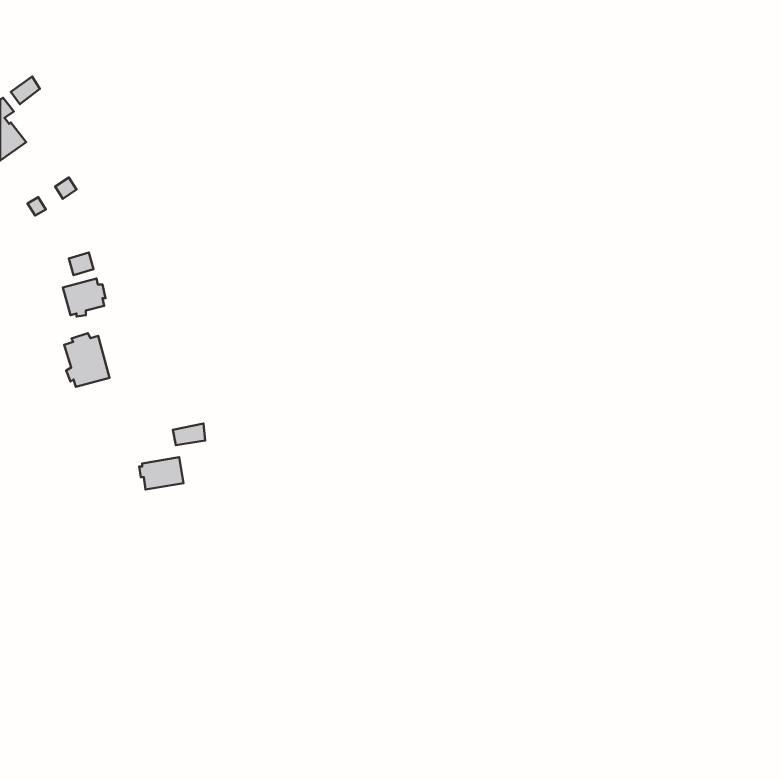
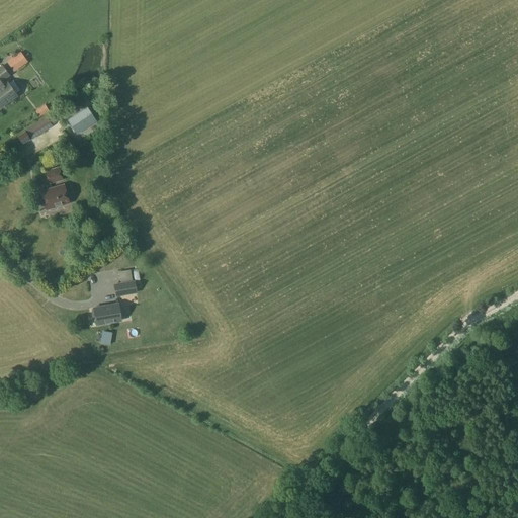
building: none -> [67,105,95,132]
building: [64,333,110,387] -> none

